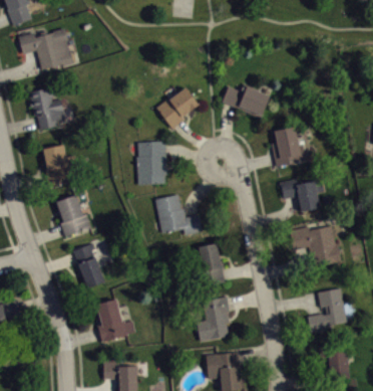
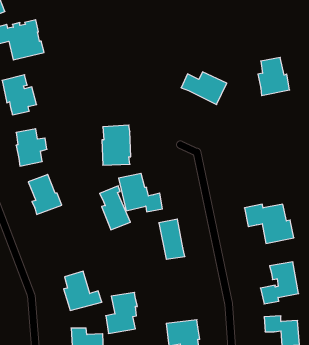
building: [155,86,199,129] -> none
building: [272,126,306,167] -> [258,57,290,96]
building: [280,179,320,212] -> none
building: [73,242,106,289] -> [100,186,130,230]
building: [197,297,231,341] -> [106,292,137,333]

